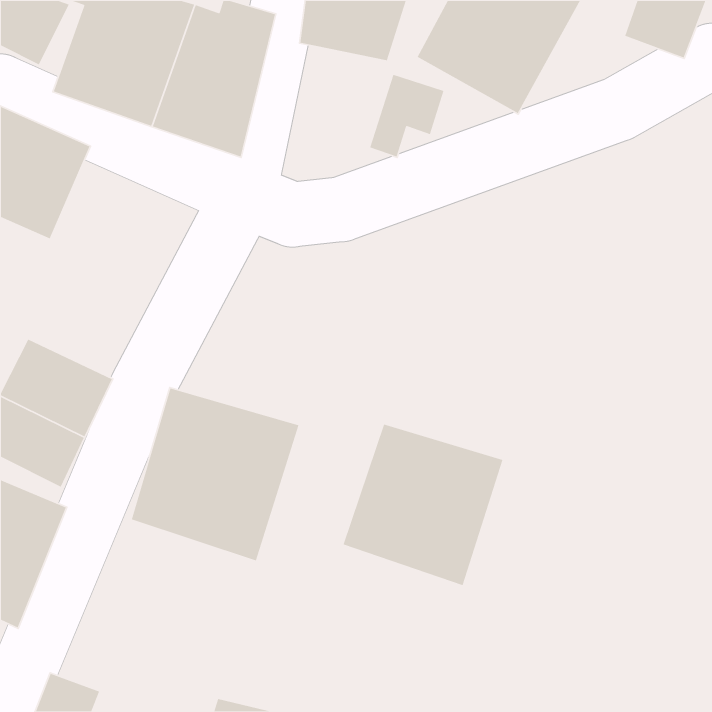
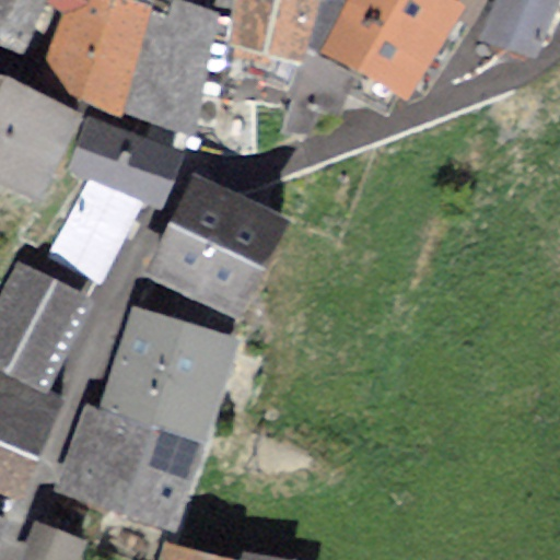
building: none -> [47,116,172,280]
building: none -> [148,175,281,315]
building: [342,423,503,586] -> none
building: none -> [59,404,201,525]

